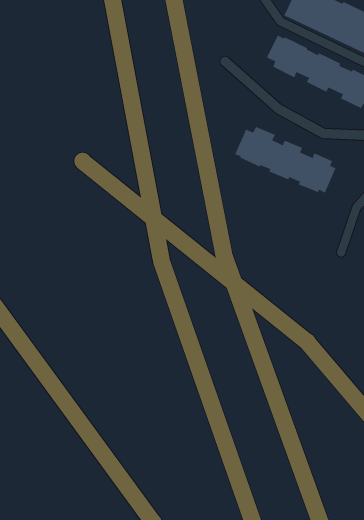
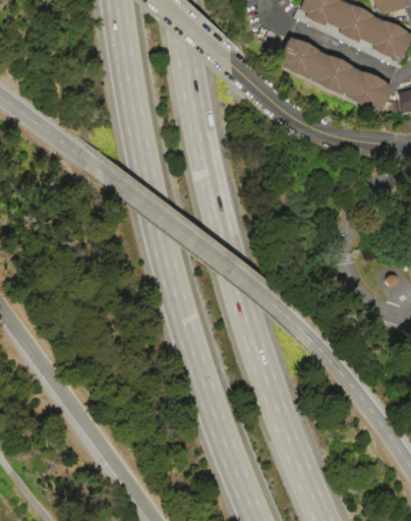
building: [235,126,336,194] -> none

